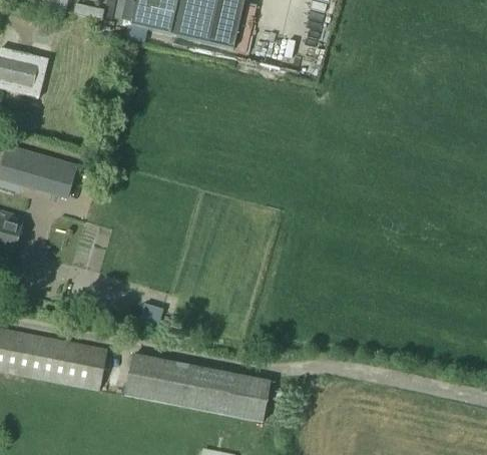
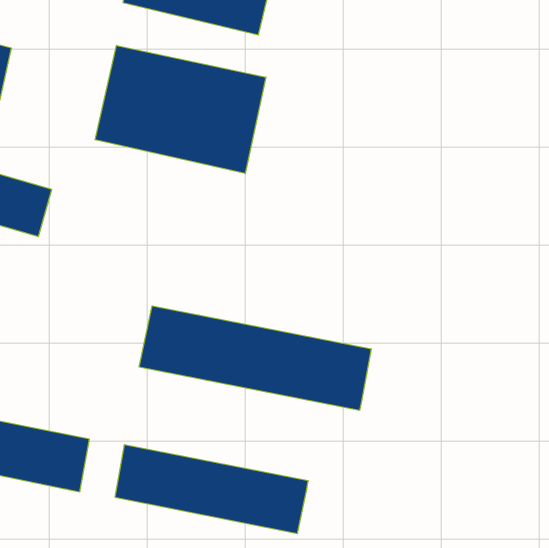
building: none -> [95,45,266,174]
building: none -> [139,306,371,410]

